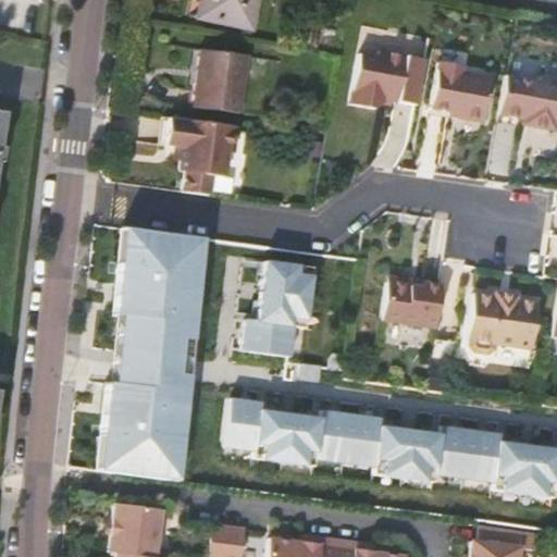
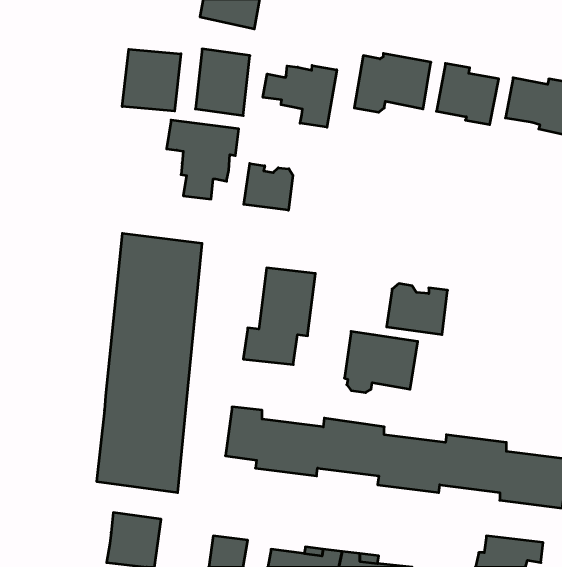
building: none -> [122,49,181,111]
building: none -> [263,65,337,127]
building: none -> [244,163,293,210]
building: [469,294,541,354] -> [344,331,418,393]

